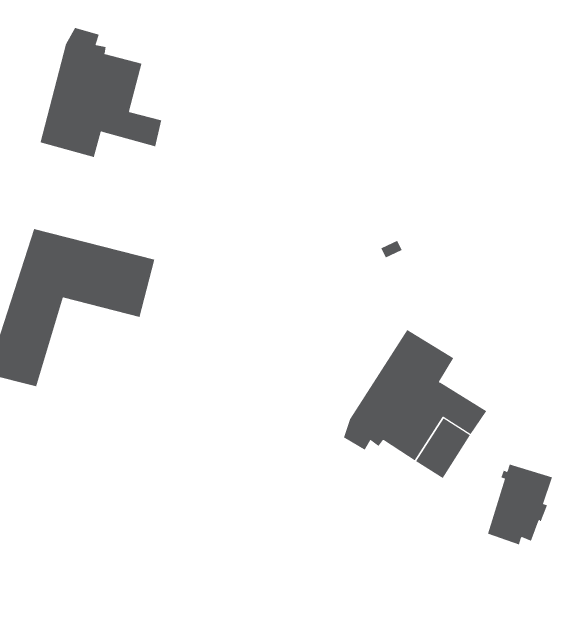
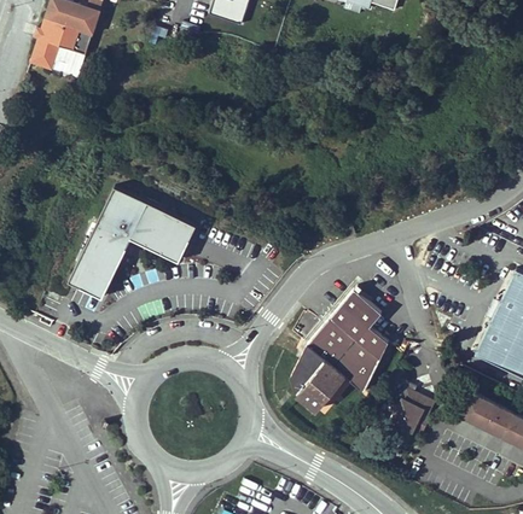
building: [40,27,162,158] -> none
building: none -> [291,357,347,414]

